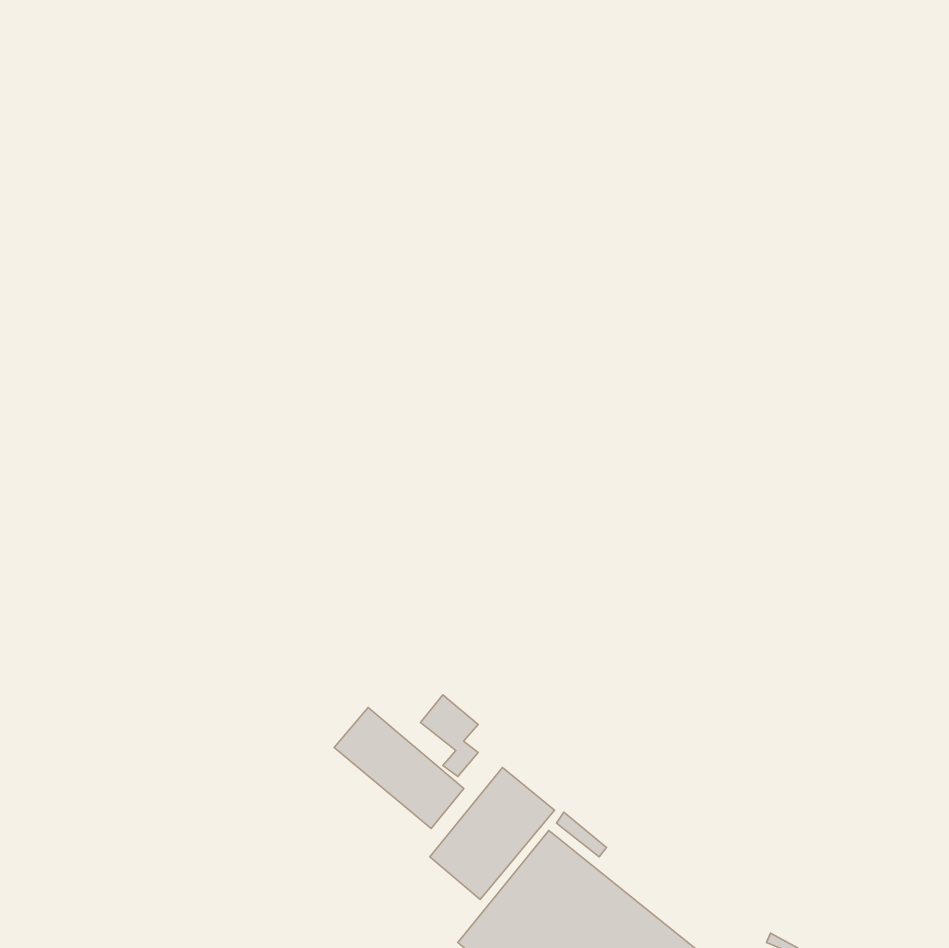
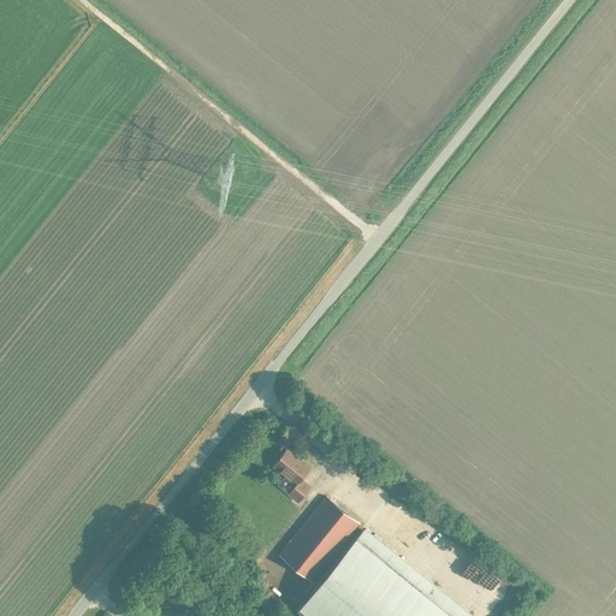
building: [334,707,464,829] -> none

